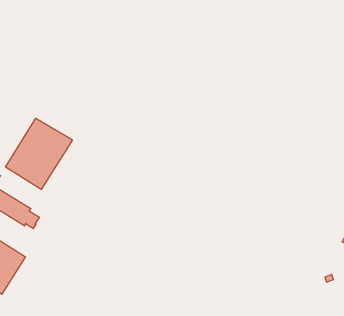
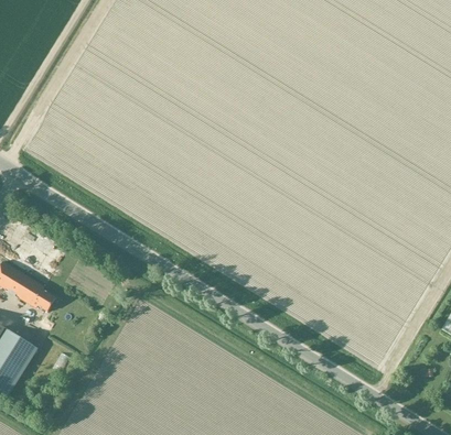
building: [6,118,72,189] -> none

